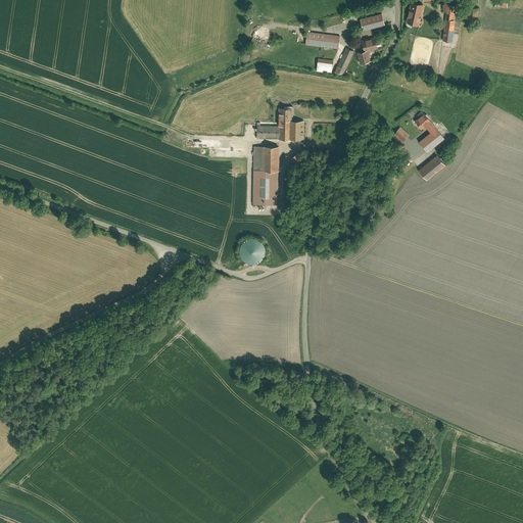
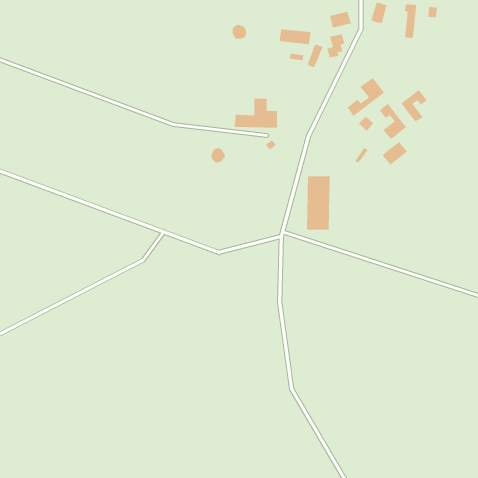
building: none -> [347,77,385,117]
building: none -> [401,89,427,122]
building: [251,146,278,205] -> [306,176,330,230]
building: [239,239,265,266] -> none

